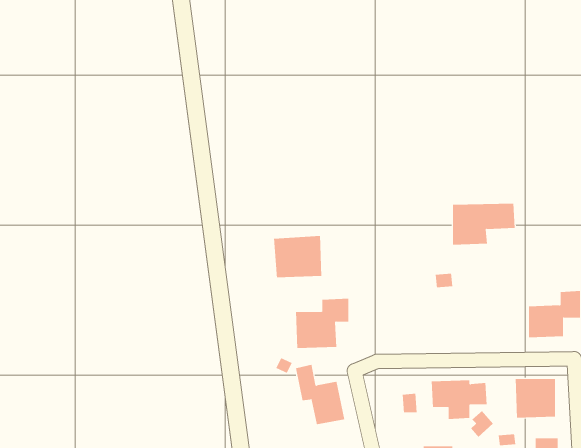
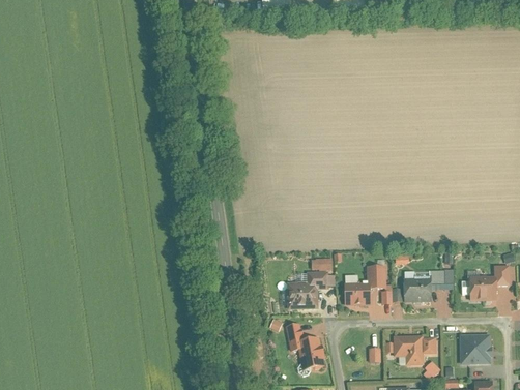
building: [452,203,515,245] -> [404,269,454,302]
building: [274,235,322,278] -> none
building: none -> [344,265,386,305]

